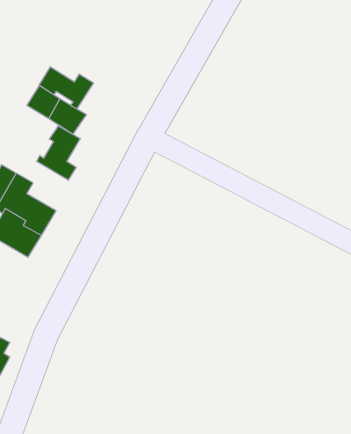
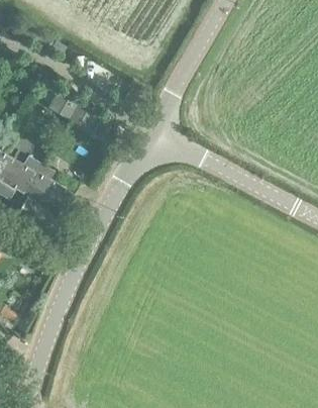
building: [39,67,93,109] -> none
building: [37,126,80,180] -> none

